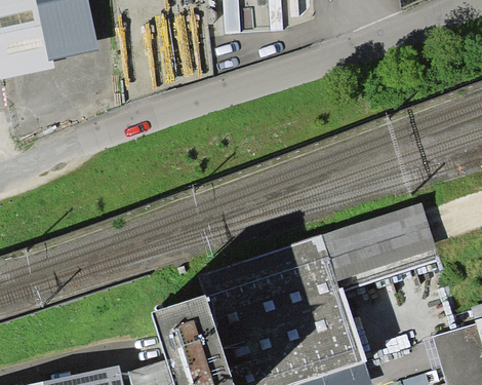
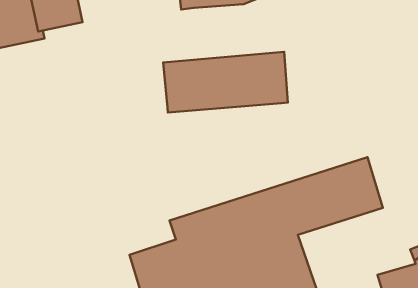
building: none -> [163,52,288,113]

